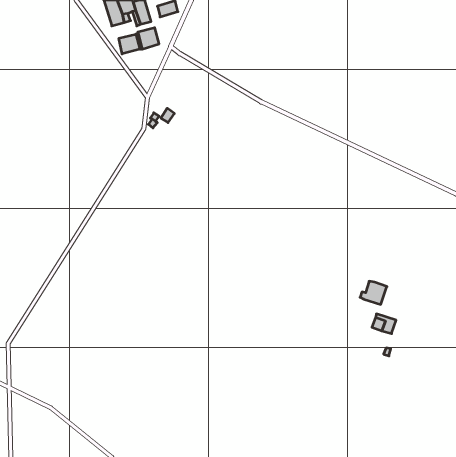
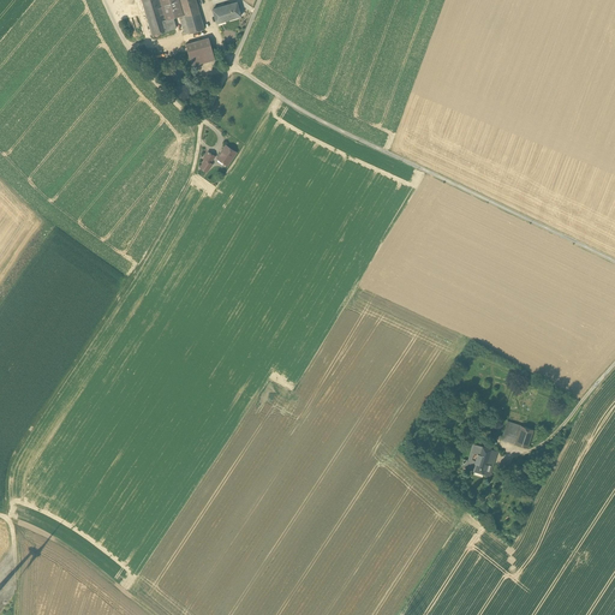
building: [119,34,140,54] -> none
building: [360,281,387,304] -> [460,444,496,476]

